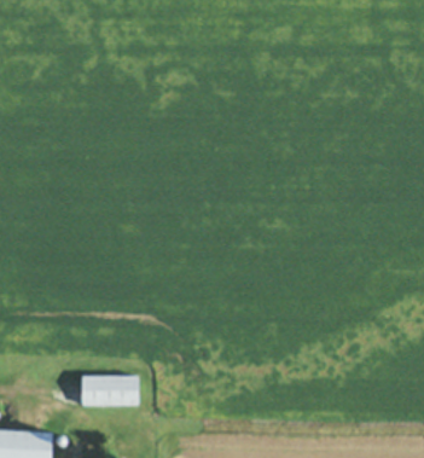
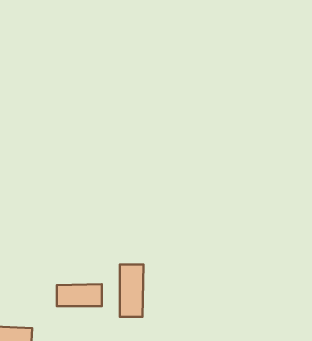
building: none -> [120,265,143,317]

